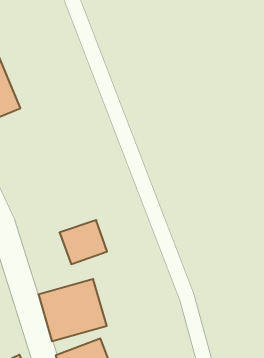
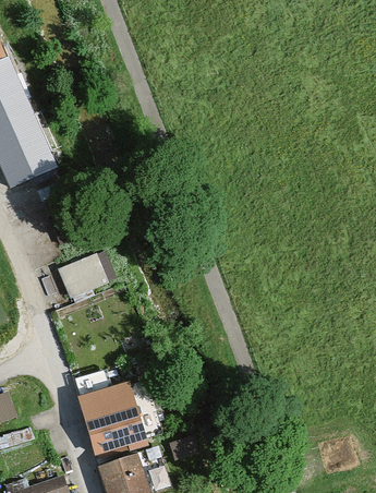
building: [59,220,107,264] -> [54,249,112,302]

